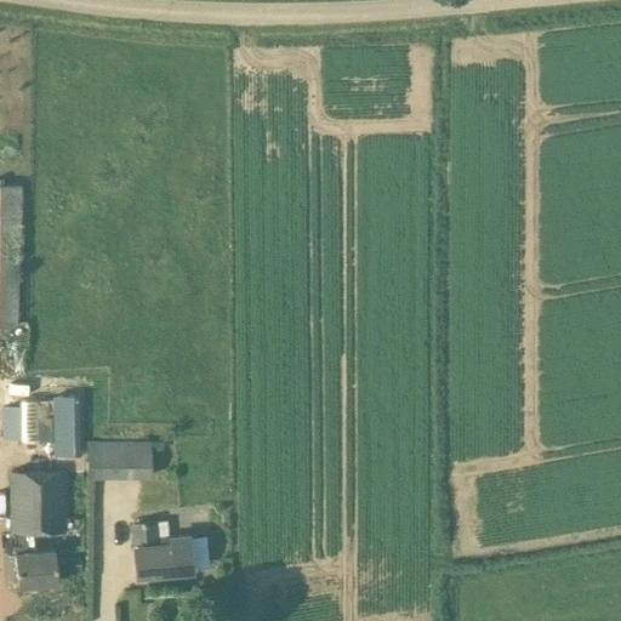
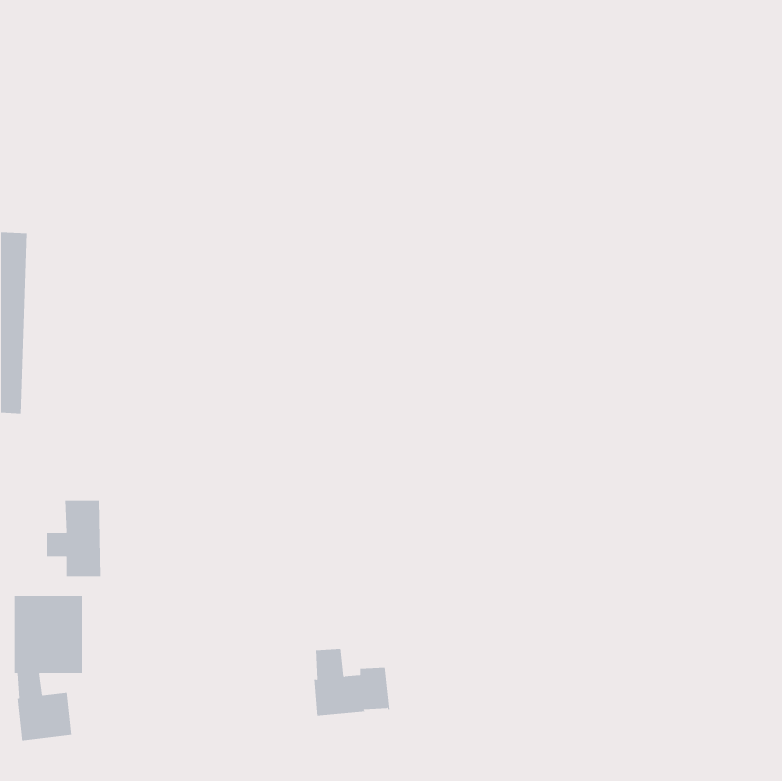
building: [87,443,153,480] -> none
building: [133,524,194,577] -> [314,649,390,716]

